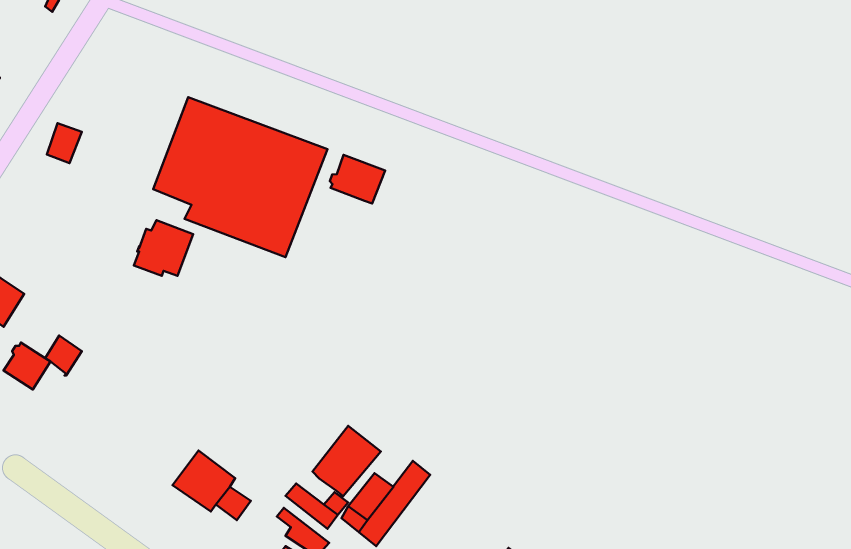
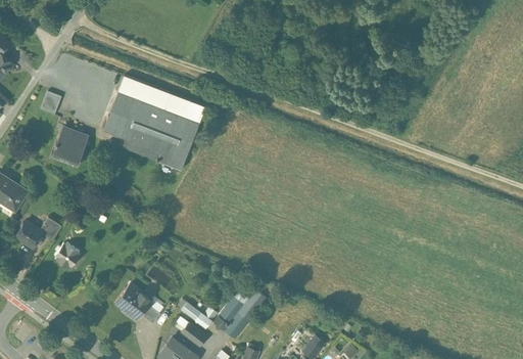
building: [330,155,385,203] -> none
building: [134,220,193,276] -> [53,128,88,161]
building: none -> [54,243,80,269]
building: [313,426,381,496] -> none

